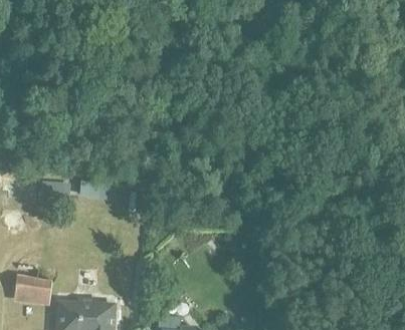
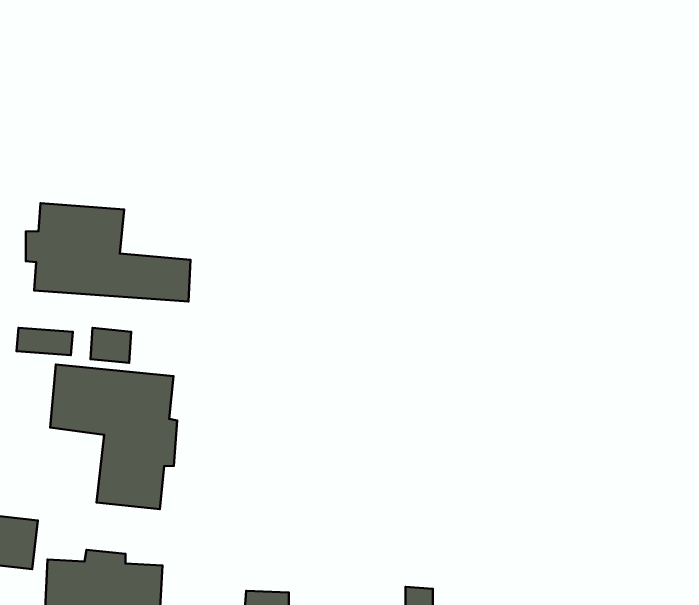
building: none -> [26,203,191,301]
building: none -> [50,364,177,509]

